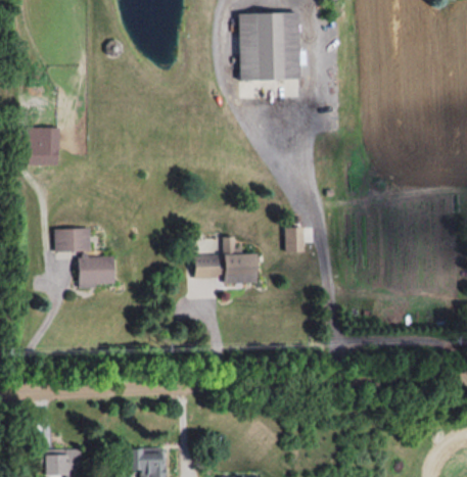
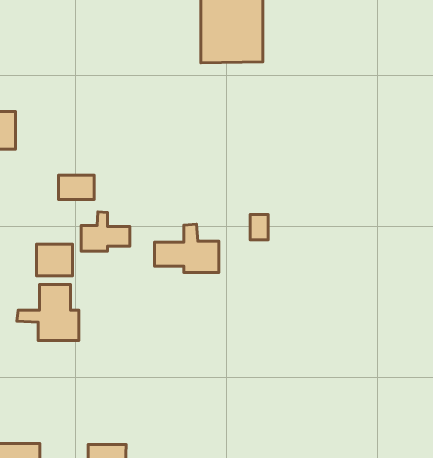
building: none -> [81,212,130,251]
building: [55,229,90,252] -> [58,175,94,199]
building: none -> [17,285,79,340]

